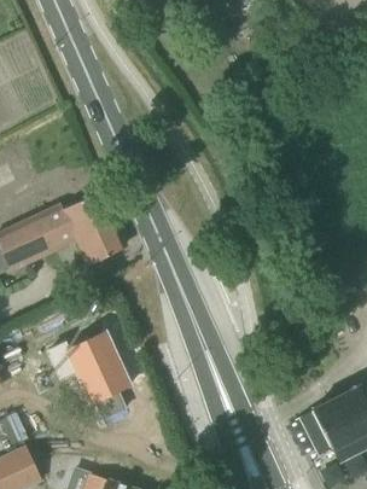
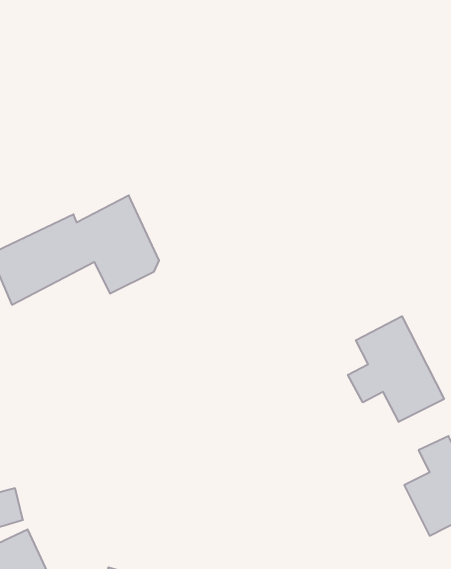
building: none -> [348,316,444,422]
building: [48,333,130,419] -> none

